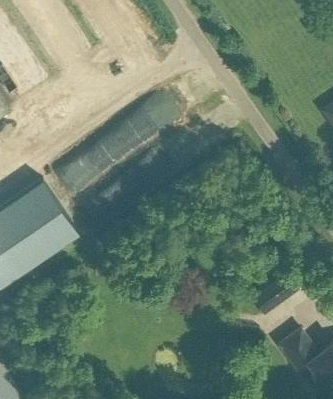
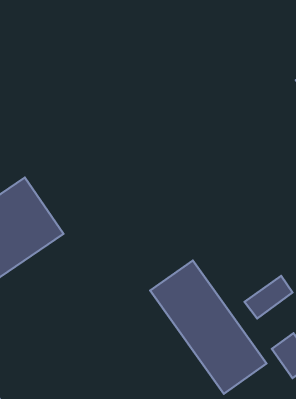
building: none -> [150,260,267,394]

